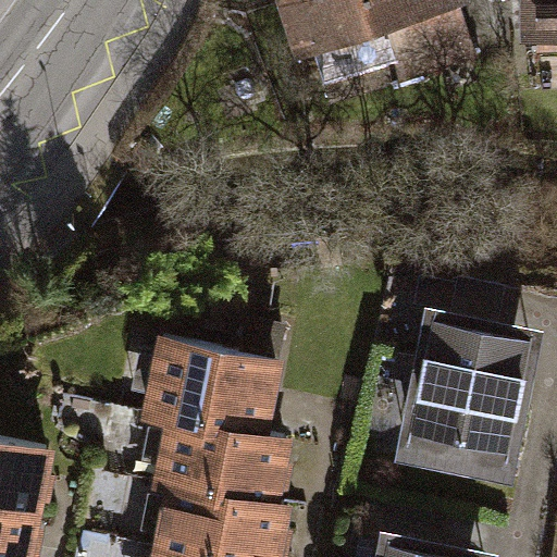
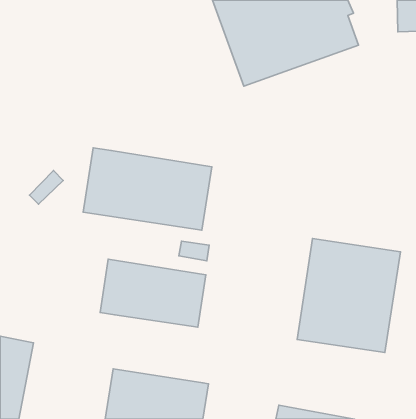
building: none -> [83,148,212,230]
building: [145,418,284,508] -> none

